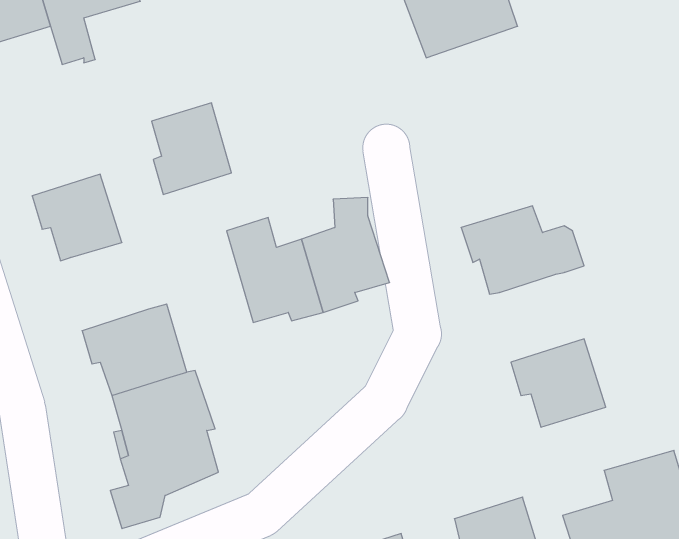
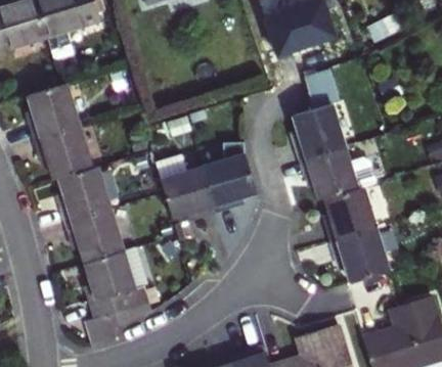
building: none -> [293,70,345,160]
building: [152,103,231,194] -> [30,85,79,141]
building: none -> [60,169,108,224]
building: none -> [324,188,377,243]

